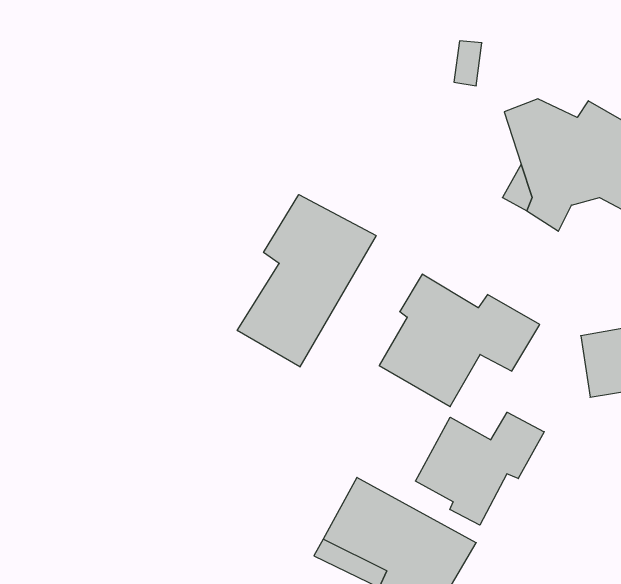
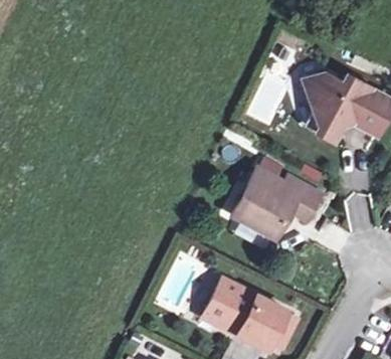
building: [237,195,376,367] -> none
building: [415,412,544,525] -> none

